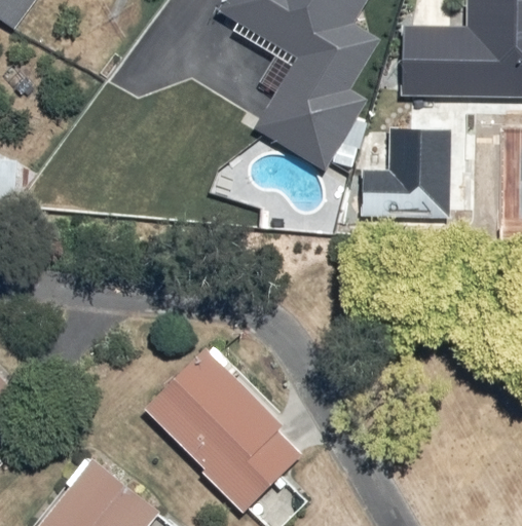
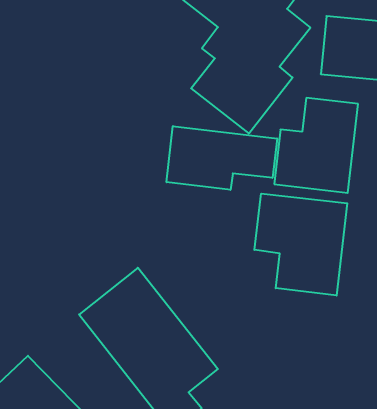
building: none -> [167,126,277,190]
building: none -> [254,194,347,296]

